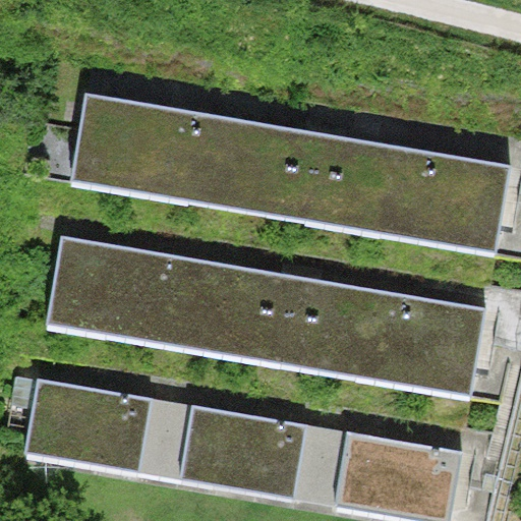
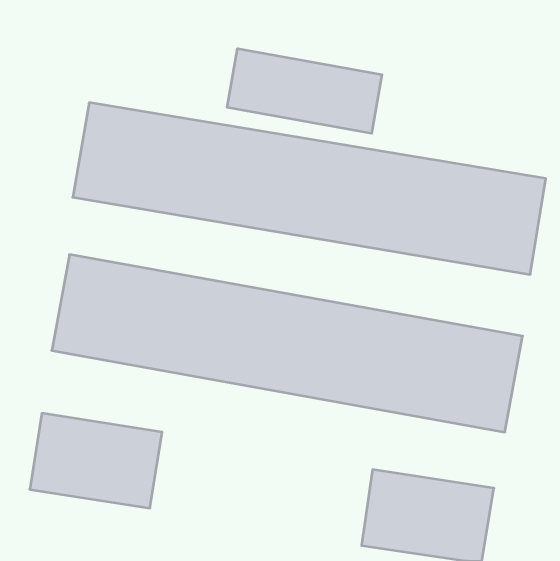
building: none -> [227,49,382,133]
building: [184,408,306,496] -> none

